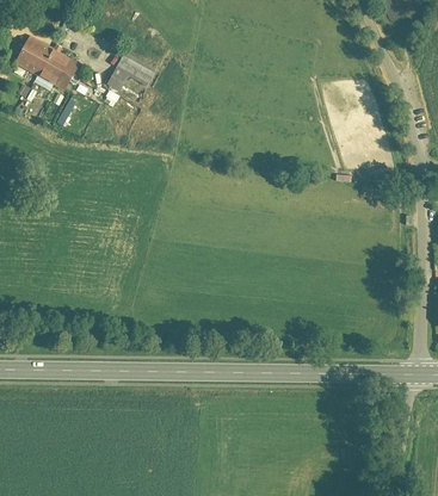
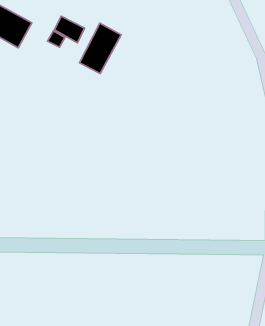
building: none -> [79,23,121,74]

